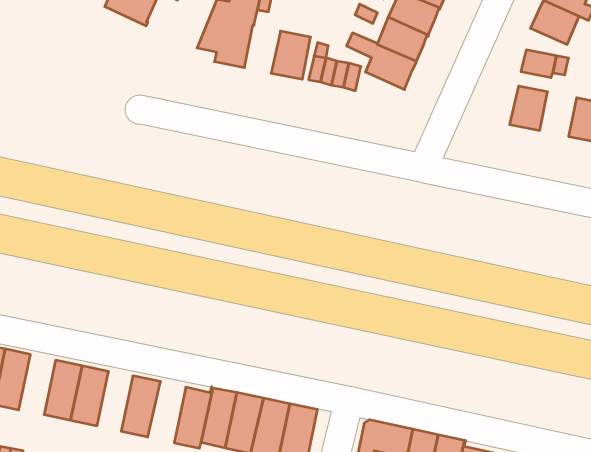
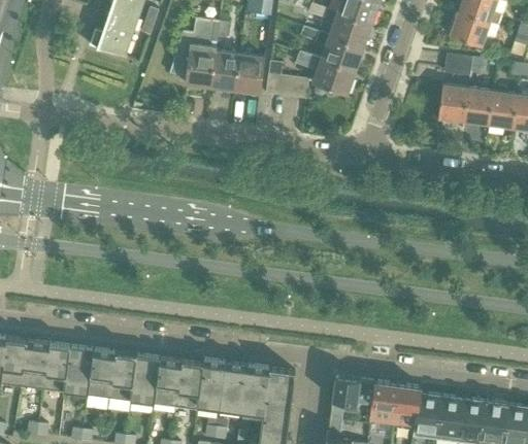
building: none -> [210,50,238,90]
building: none -> [463,88,492,124]
building: none -> [42,342,70,391]
building: none -> [109,351,136,401]
building: none -> [153,356,182,407]

